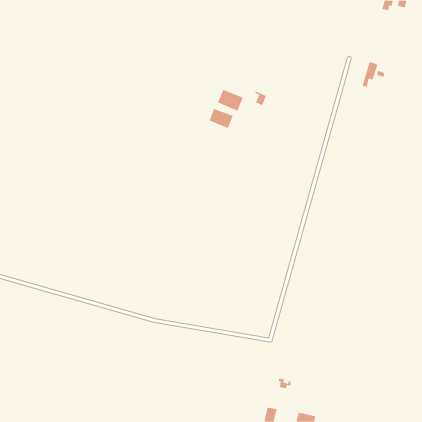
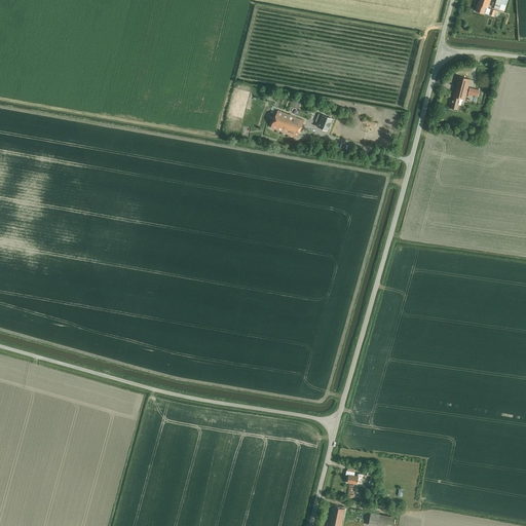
building: [209,108,234,129] -> none

